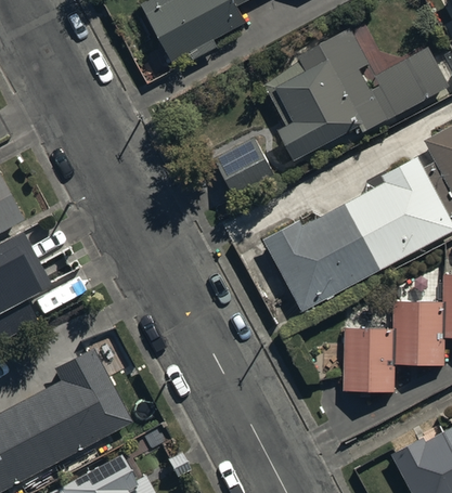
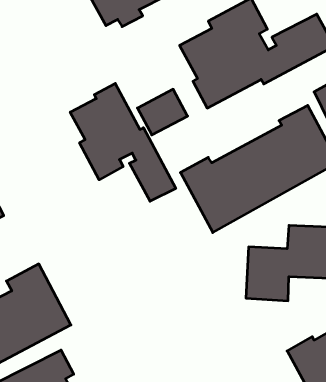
building: none -> [70,83,176,201]

